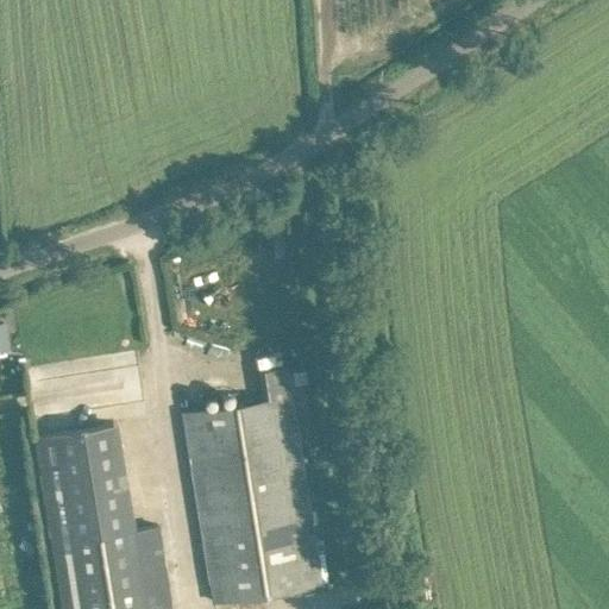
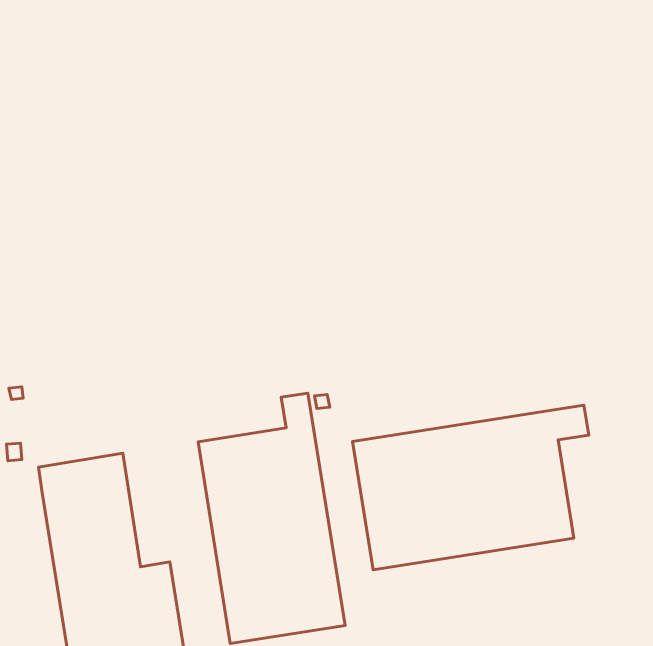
building: none -> [353,405,589,570]

